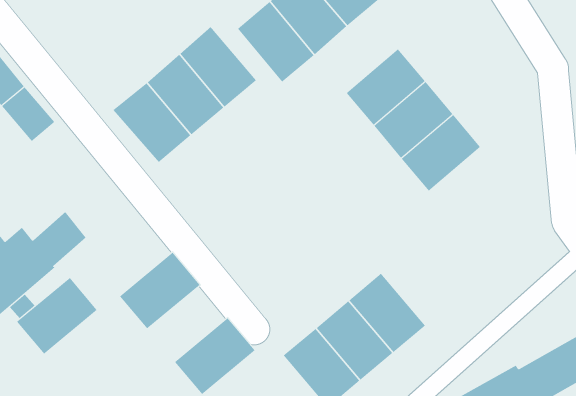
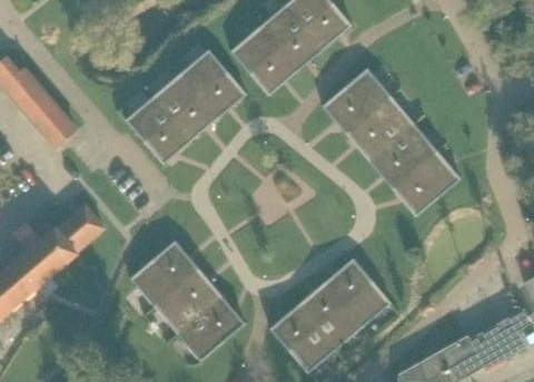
building: none -> [393,151,461,217]
building: [16,277,98,355] -> [154,268,222,334]

